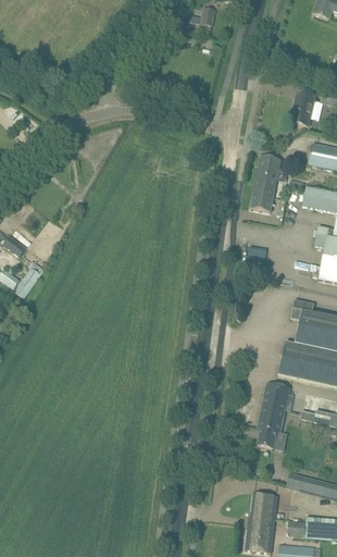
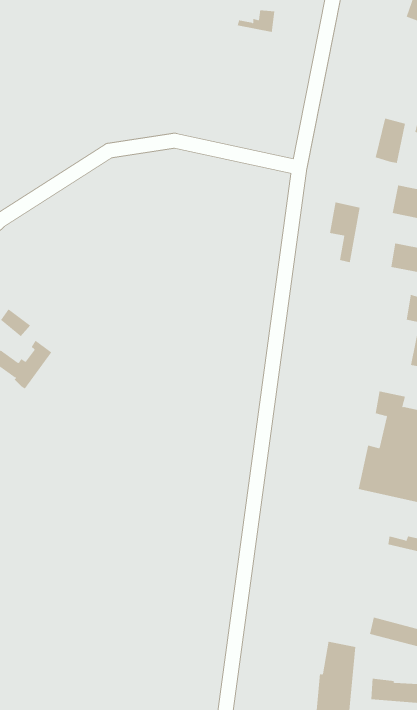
building: [250,178,272,211] -> none
building: [257,383,289,448] -> none

